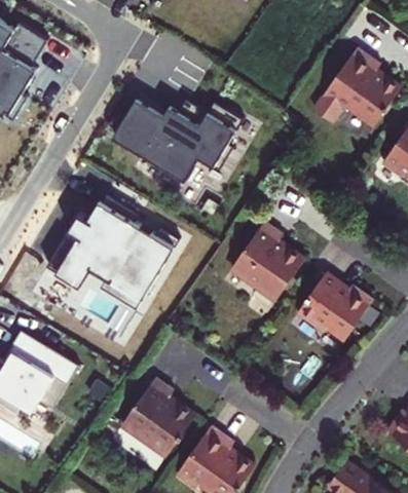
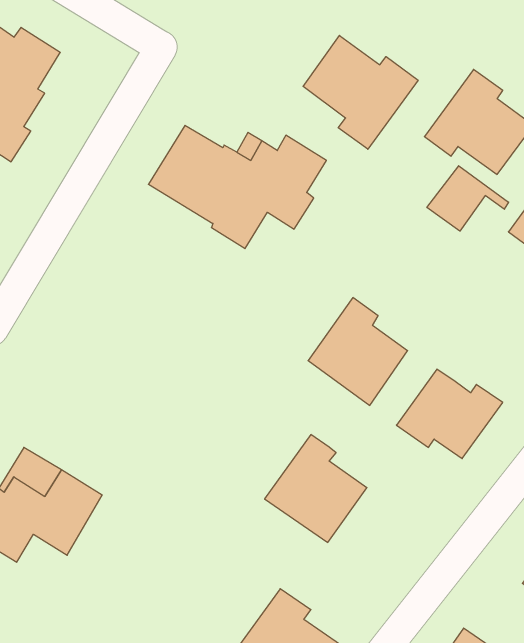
building: none -> [303,35,418,149]
building: none -> [427,166,509,231]
building: [48,196,180,300] -> none
building: [114,380,189,459] -> [265,435,367,542]

